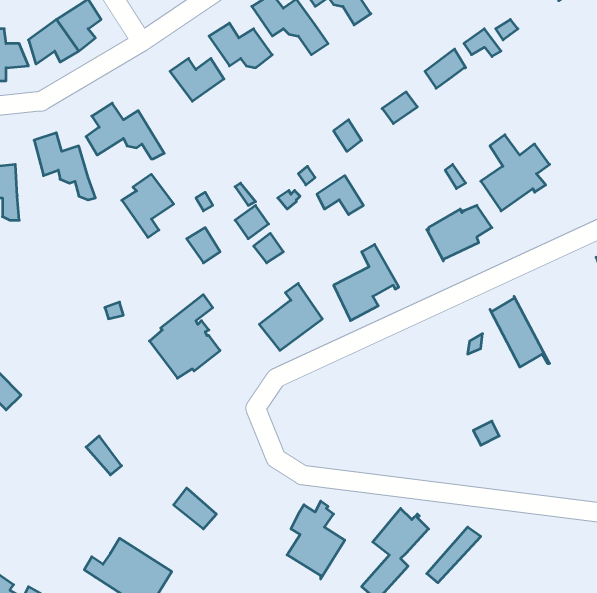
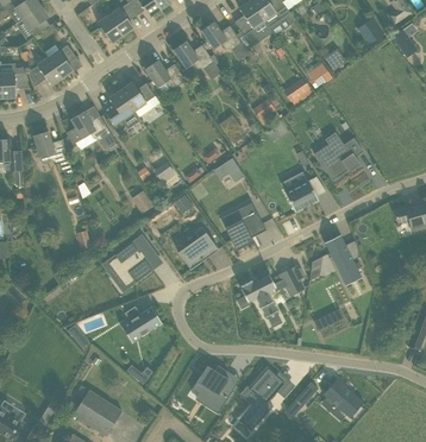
building: [122,174,174,237] -> [100,90,133,131]
building: none -> [239,267,302,317]
building: none -> [119,305,161,342]
building: none -> [324,378,365,417]

